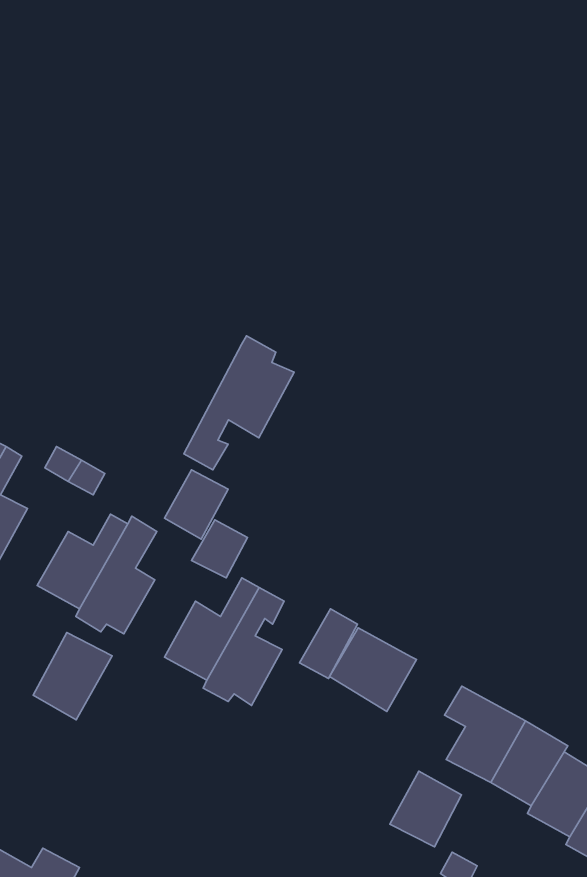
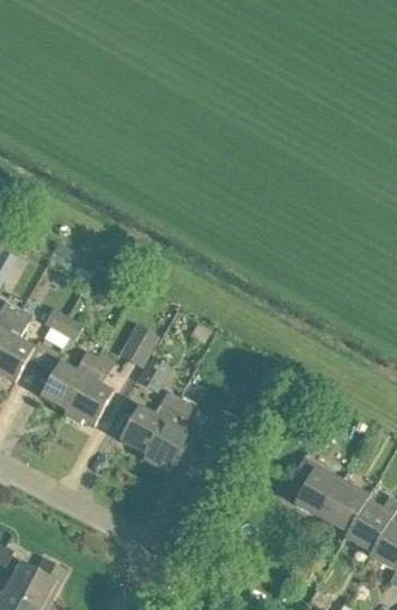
building: [184,336,294,470] -> none
building: [330,628,416,711] -> none
building: [33,632,112,720] -> none
building: [390,771,462,847] -> none

